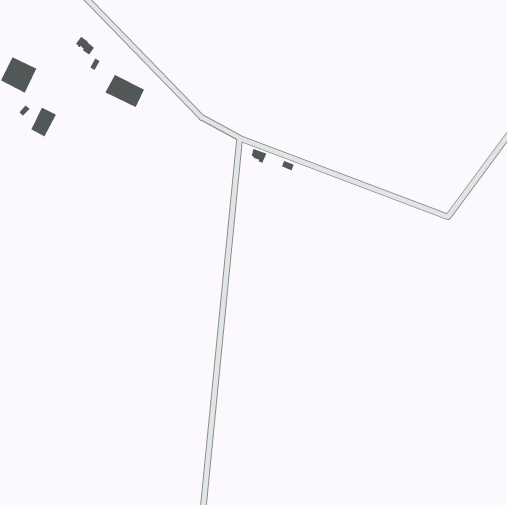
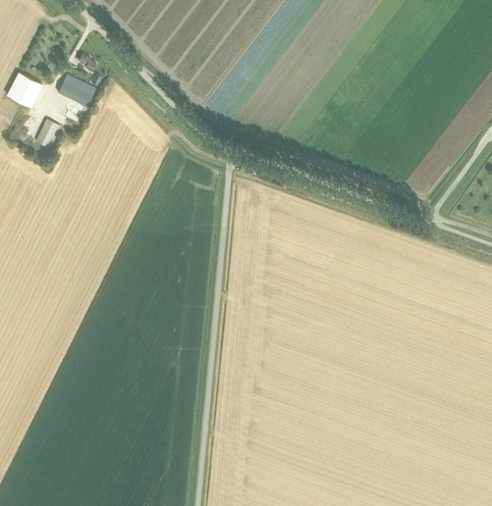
building: [105,74,145,108] -> [57,74,95,106]

